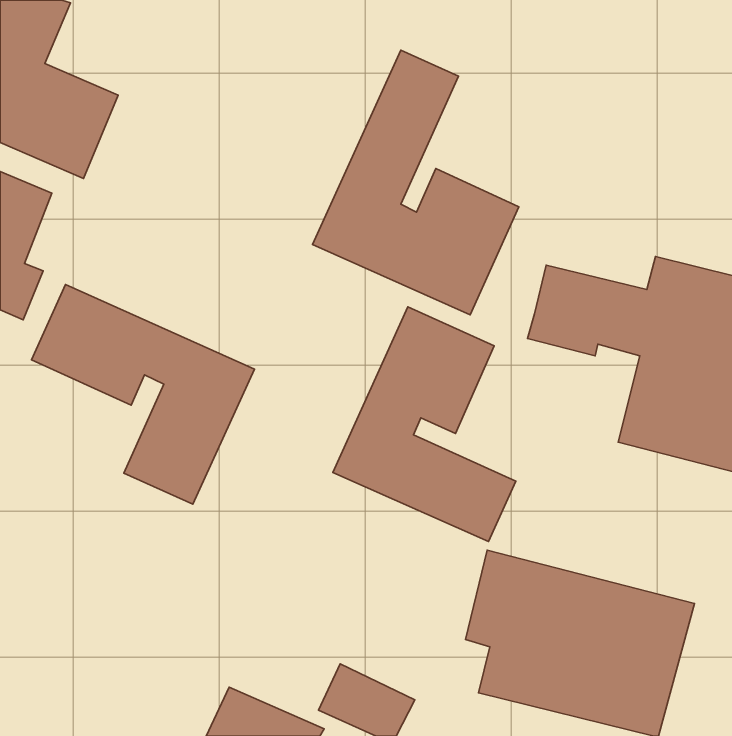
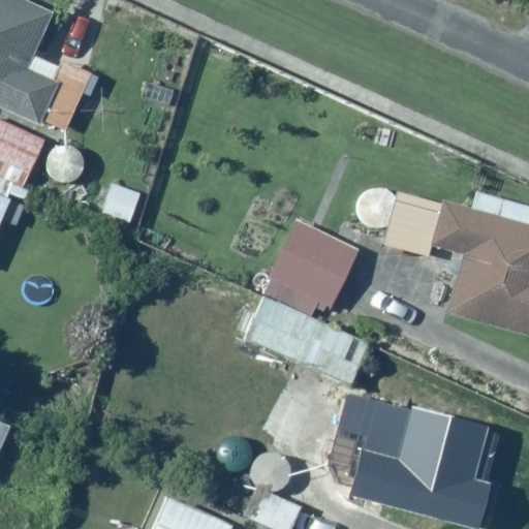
building: [313,50,519,315] -> none
building: [32,285,255,504] -> none

